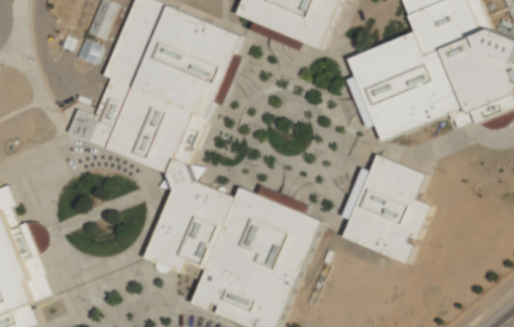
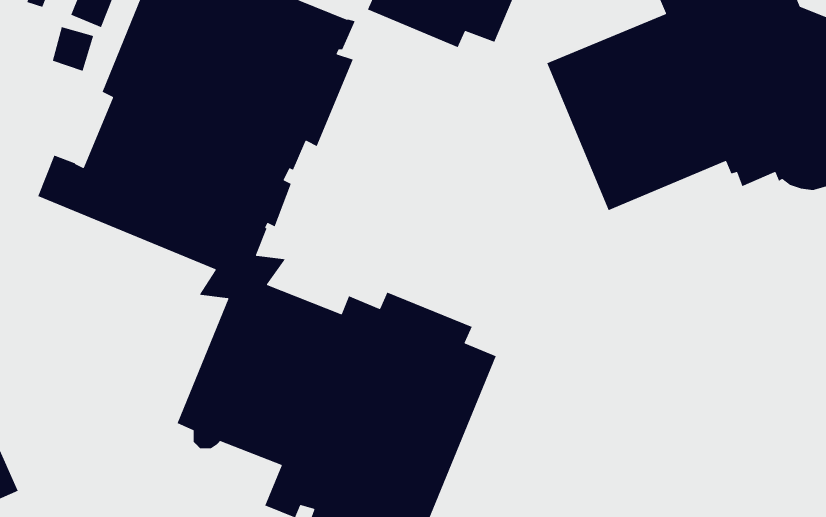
building: [339,153,429,262] -> none

